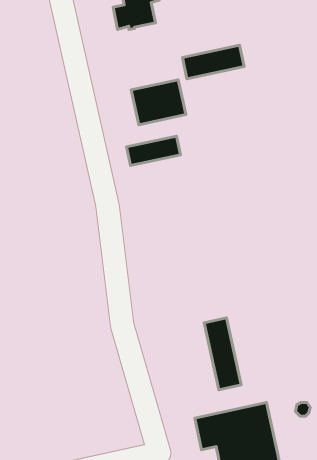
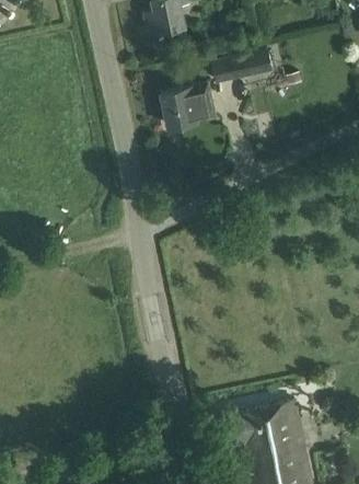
building: [127,136,180,166] -> none
building: [204,318,241,390] -> none

